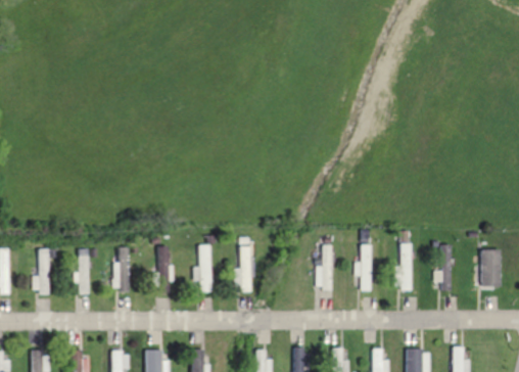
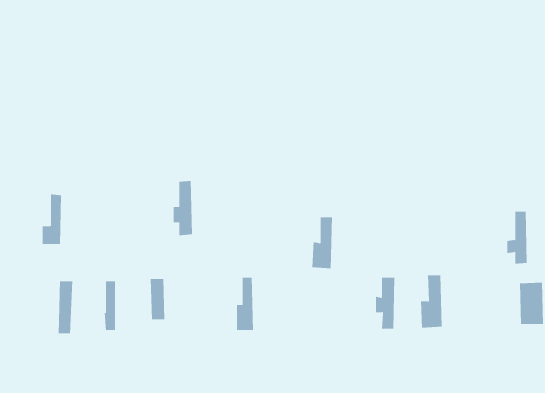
building: [194,244,211,292] -> [173,180,193,236]
building: [314,244,332,289] -> [312,217,333,269]
building: [433,245,452,291] -> [506,211,528,264]
building: [35,248,52,292] -> [42,194,62,245]

